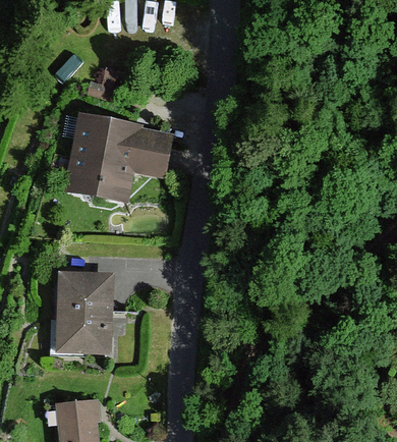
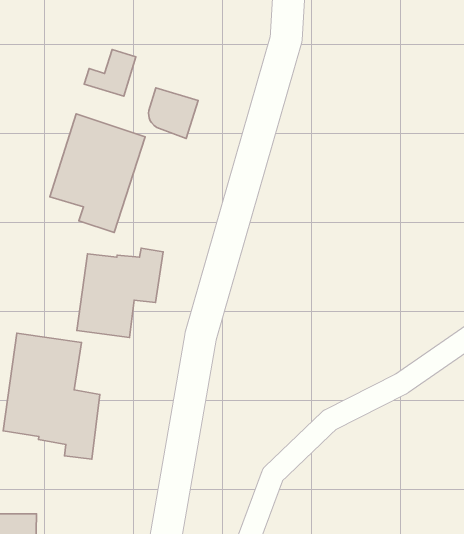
building: [132,136,166,169] -> [148,88,198,138]
building: none -> [77,248,163,338]

